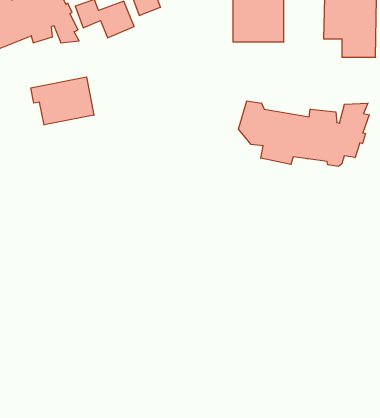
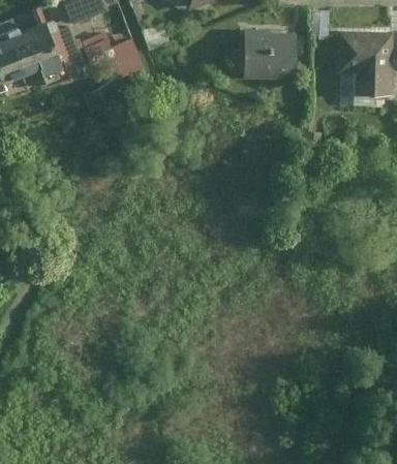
building: [31,77,94,125] -> none
building: [238,101,369,166] -> none

